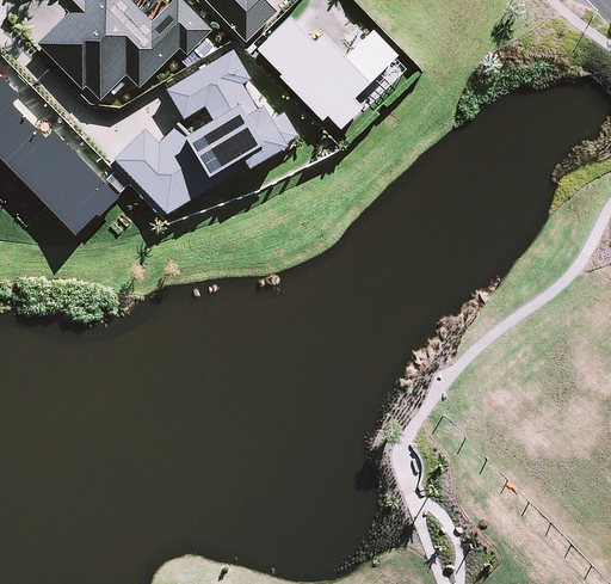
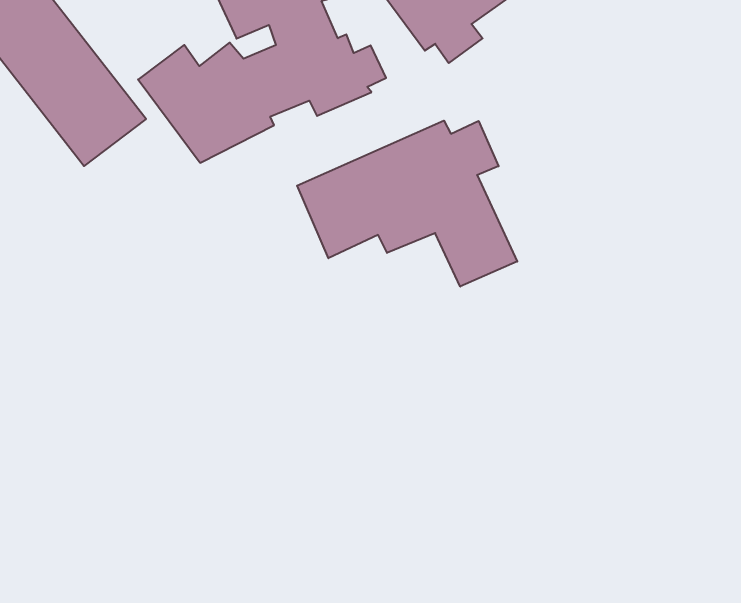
building: none -> [297,121,517,287]

